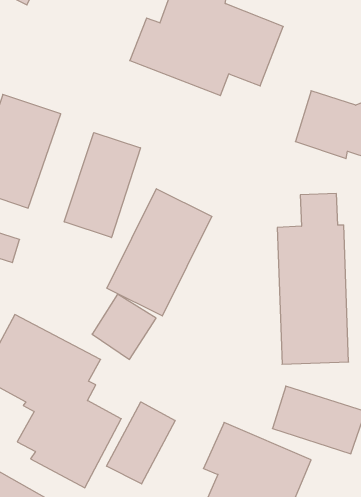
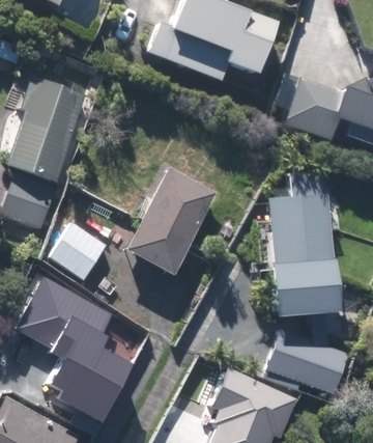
building: [64,133,140,238] -> none
building: [92,294,156,359] -> [51,223,106,279]
building: [107,402,175,484] -> none

